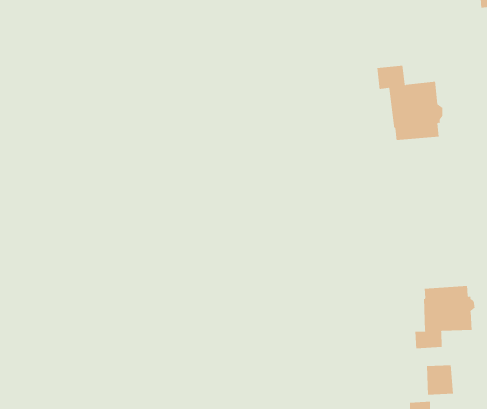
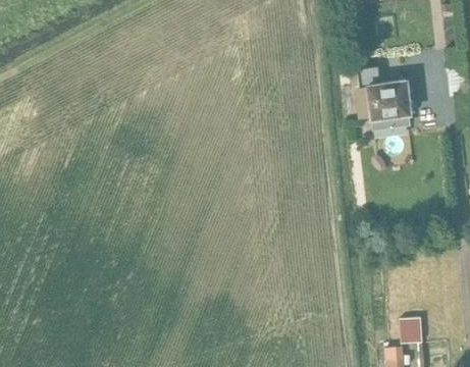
building: [415,285,475,349] -> none

